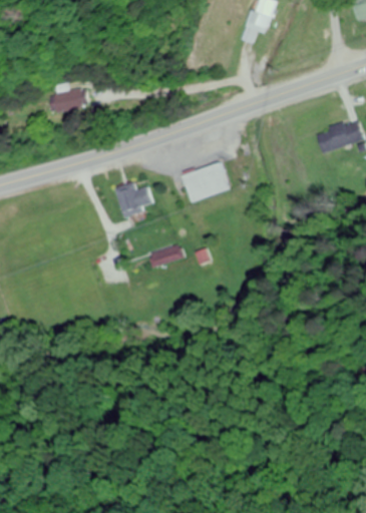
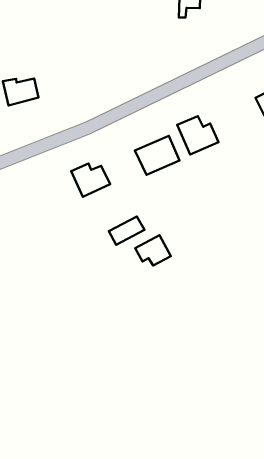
building: none -> [177,116,218,155]
building: none -> [135,235,171,265]

